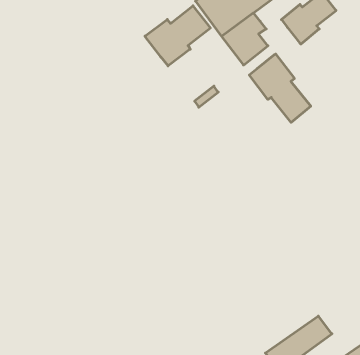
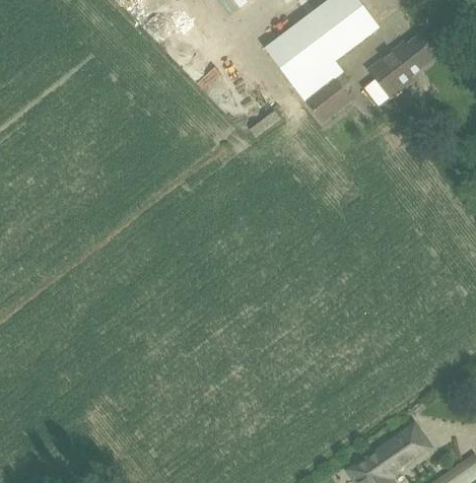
building: [145,6,210,66] -> none
building: [249,54,311,122] -> none

